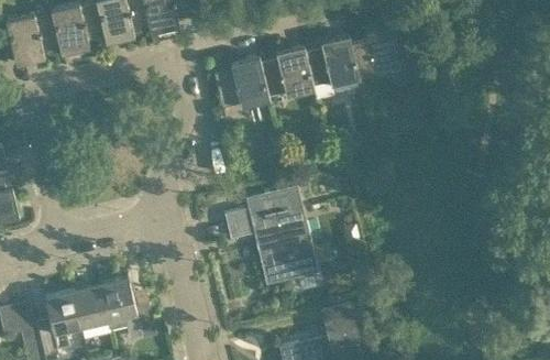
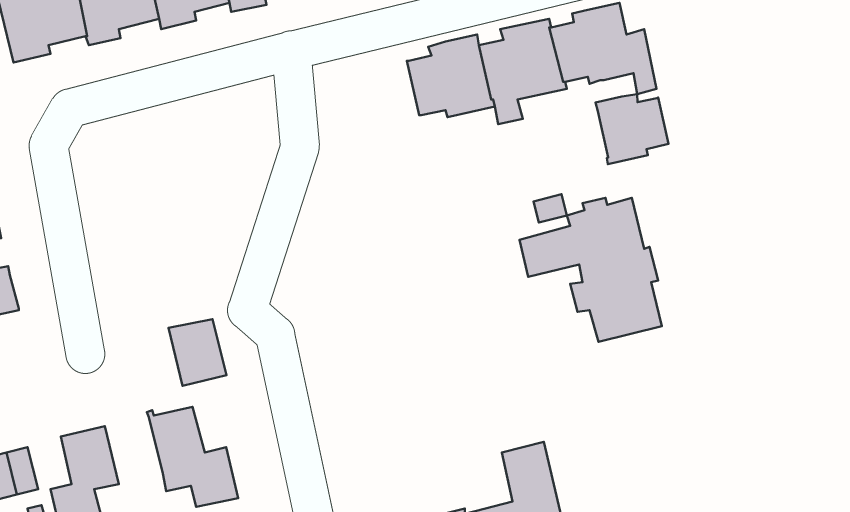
building: [215,56,272,107] -> none
building: none -> [595,94,668,164]
building: [226,189,315,280] -> [519,198,662,342]
building: [73,285,109,327] -> [169,319,227,386]

